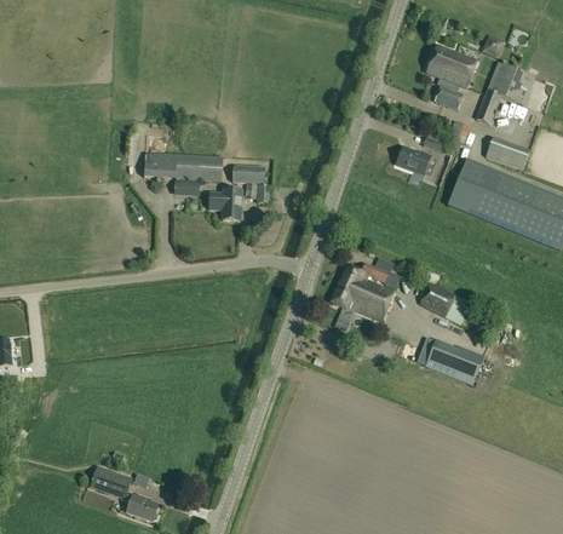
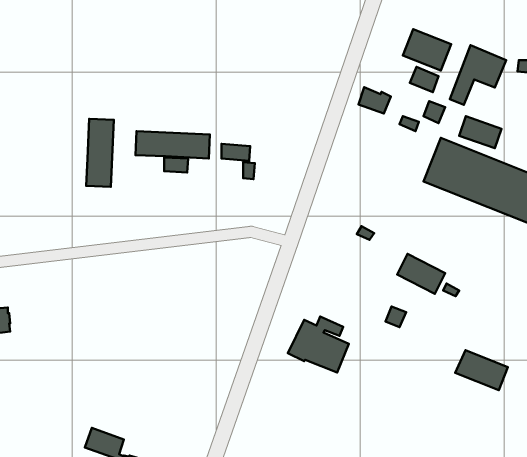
building: none -> [86,119,114,187]
building: [397,145,431,173] -> [359,87,391,114]
building: [209,193,241,219] -> none
building: [331,262,395,321] -> [288,316,349,373]
building: [426,340,482,383] -> [455,350,508,390]

